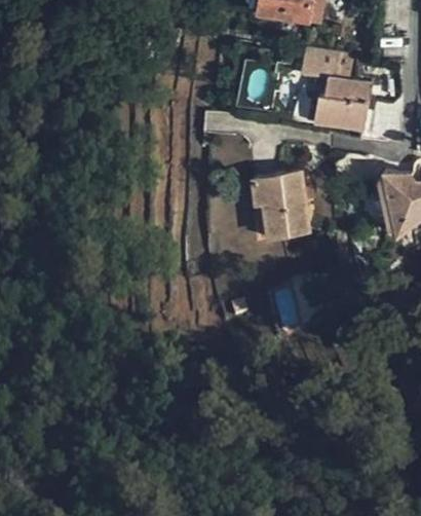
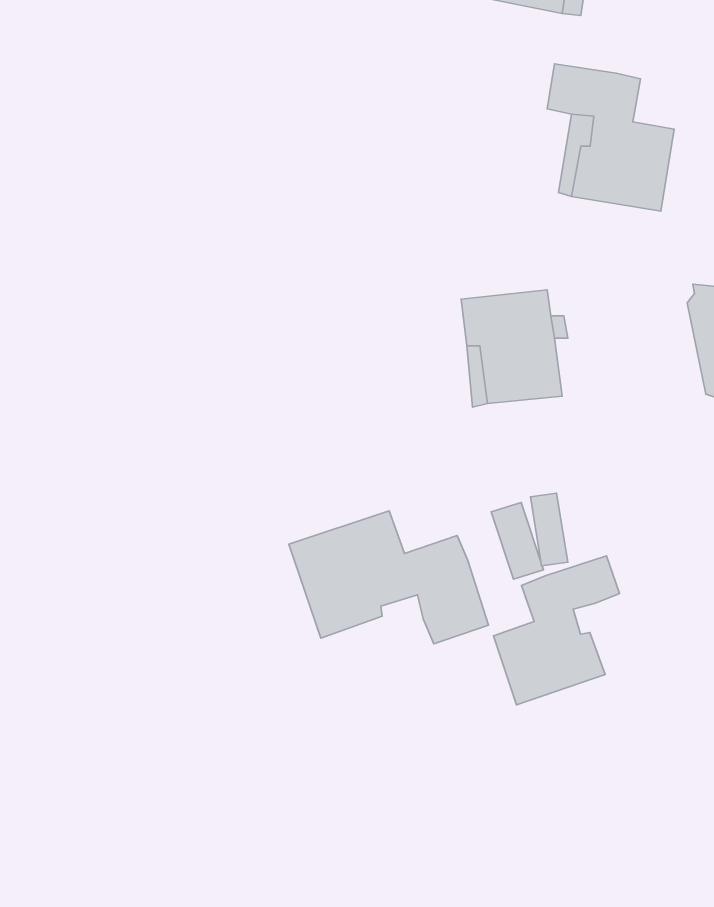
building: none -> [289,511,489,644]
building: none -> [494,556,619,705]

